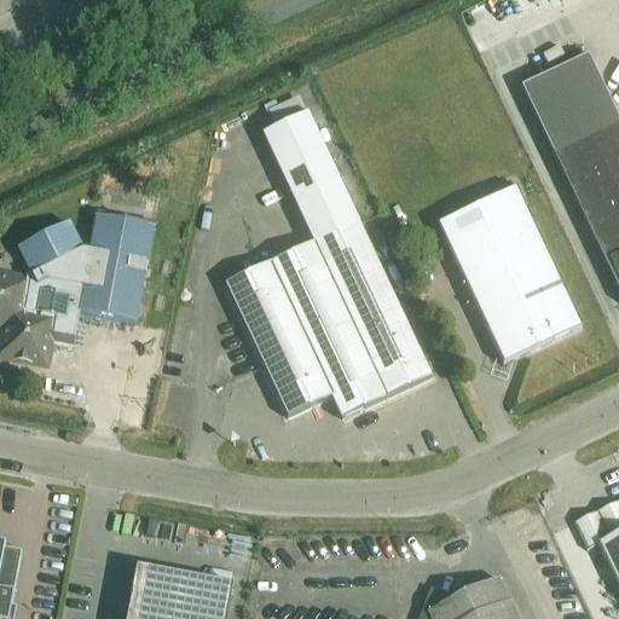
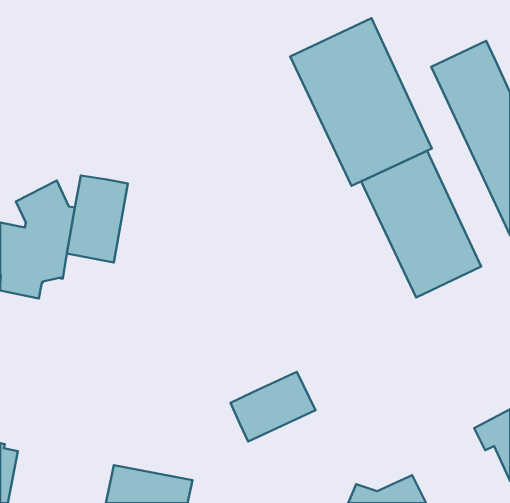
building: none -> [290,18,432,186]
building: [226,109,432,415] -> none
building: none -> [231,372,315,442]

